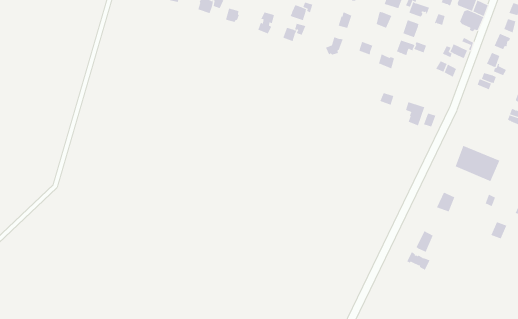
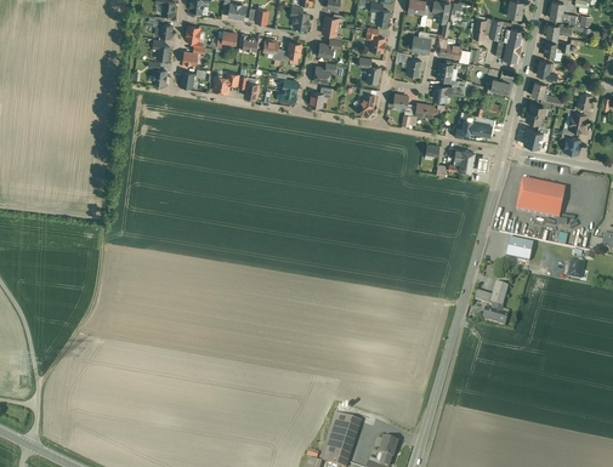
building: none -> [456,112,494,135]

